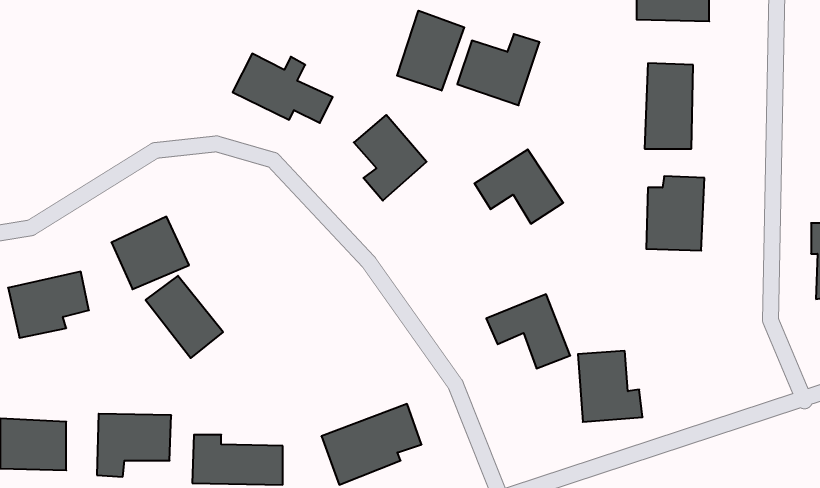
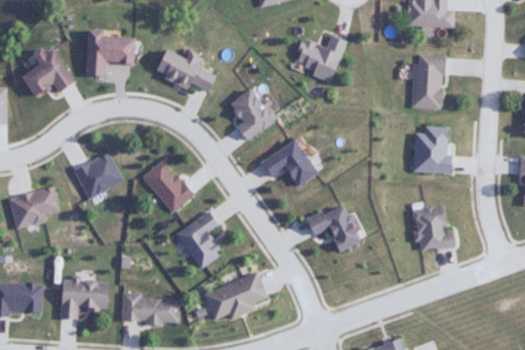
building: [397,11,464,91] -> none
building: none -> [83,32,130,77]
building: none -> [17,48,72,98]
building: [474,149,563,224] -> [257,141,314,188]
building: [146,276,223,358] -> [142,161,191,213]
building: none -> [178,210,225,268]
building: [578,351,643,422] -> [416,205,457,250]

